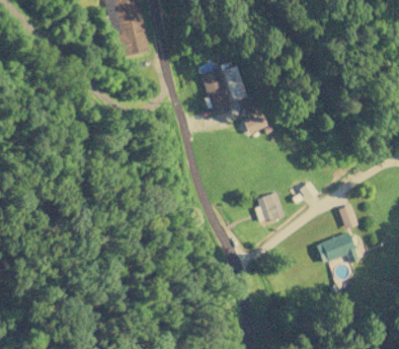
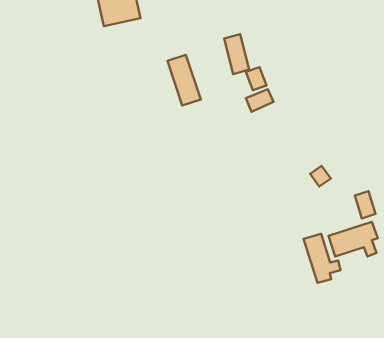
building: [202,70,231,115] -> [167,55,201,105]
building: [255,192,285,222] -> none
building: none -> [303,234,341,283]

